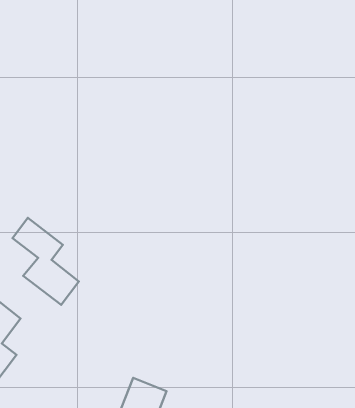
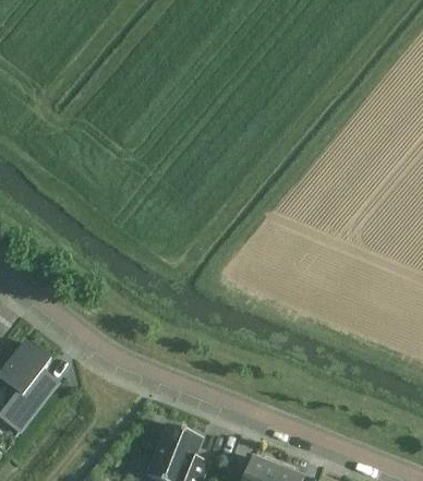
building: [13,218,79,305] -> none

